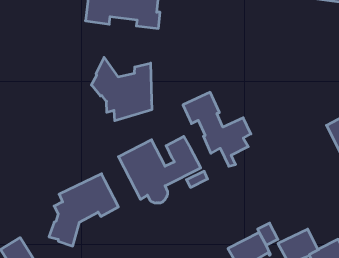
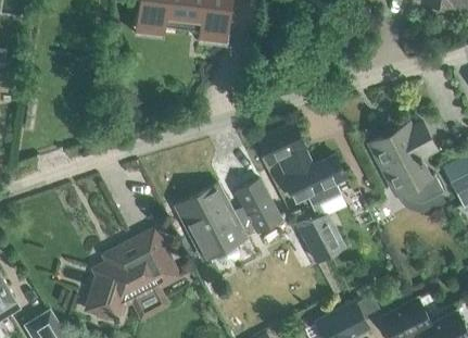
building: [91,57,152,121] -> none
building: none -> [368,122,445,201]
building: none -> [300,216,345,262]

